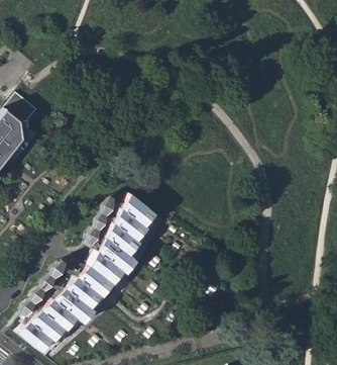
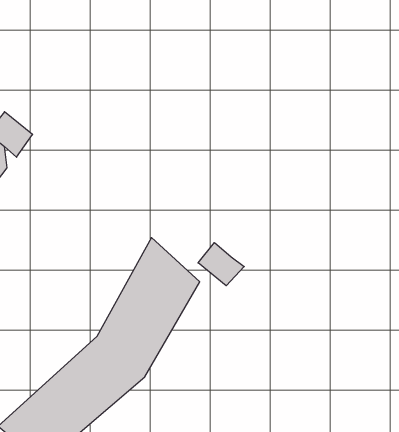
building: none -> [198,243,244,286]

